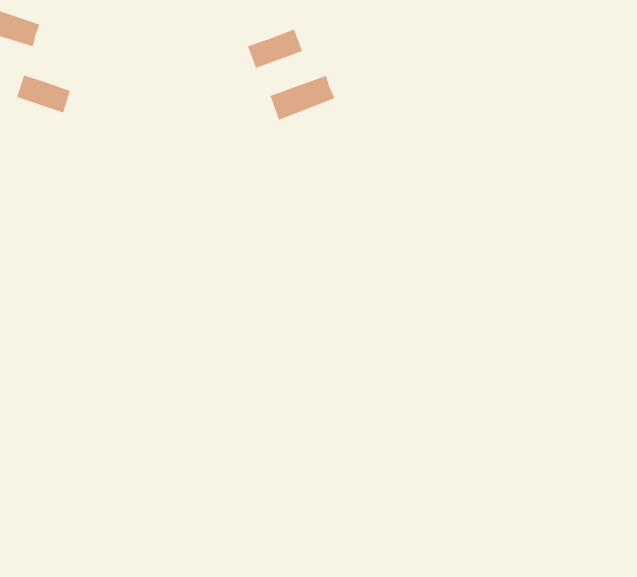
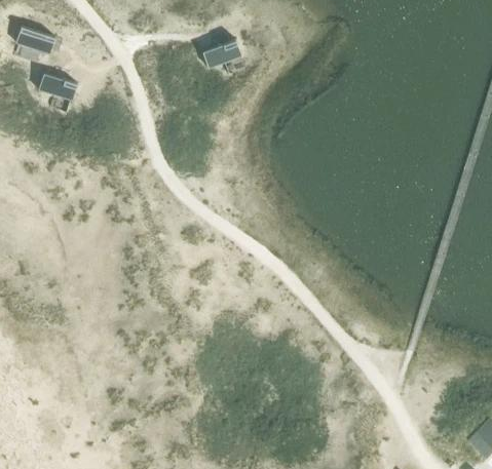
building: [270,75,335,121] -> none

